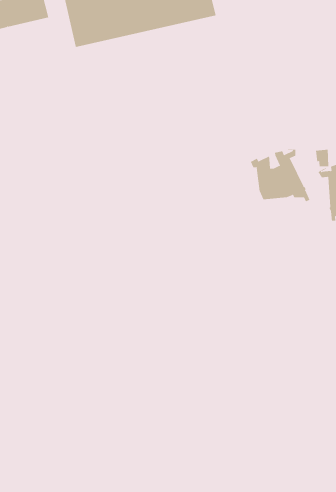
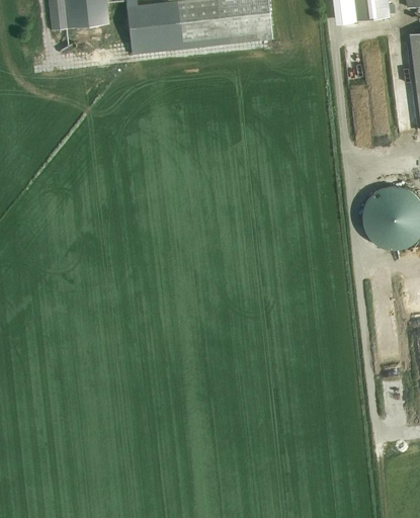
building: [250,149,310,202] -> none

